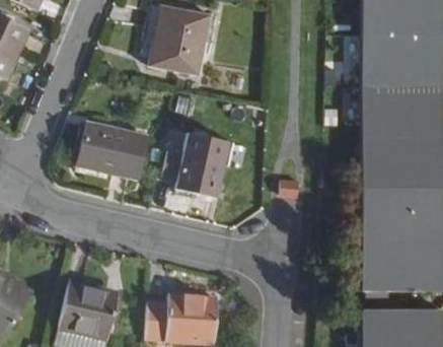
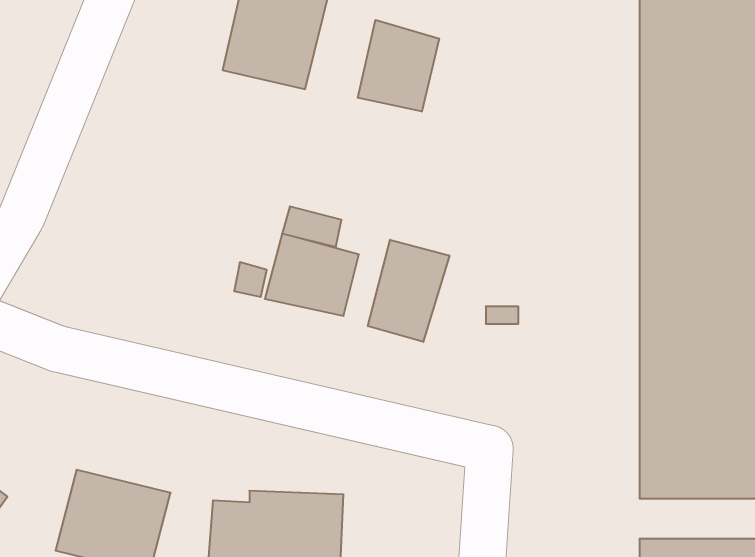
building: none -> [358,20,439,112]
building: [73,124,142,179] -> none
building: none -> [368,240,449,342]

